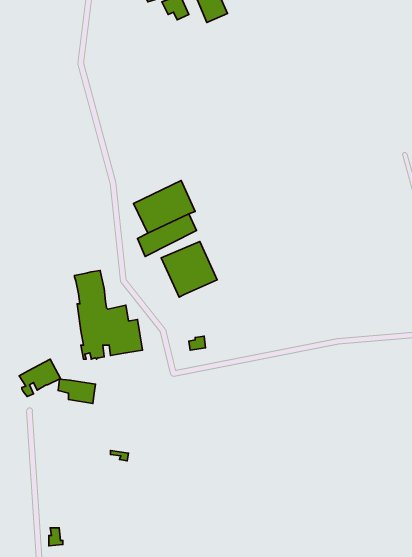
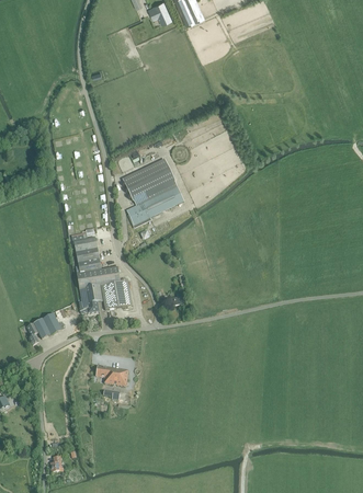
building: [161,242,217,297] -> none
building: [58,379,95,403] -> [97,365,128,386]

